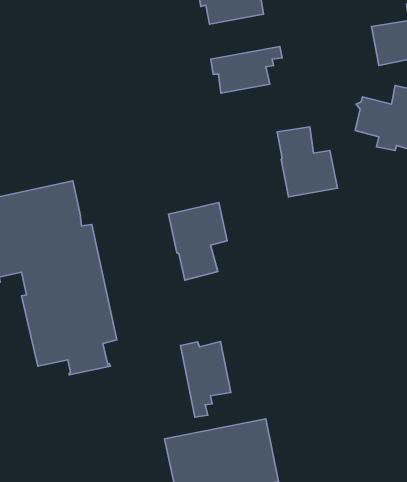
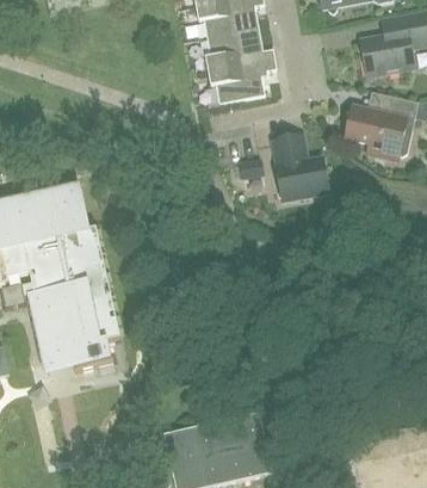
building: none -> [204,25,273,68]
building: [169,202,227,280] -> none
building: [181,342,231,417] -> none

